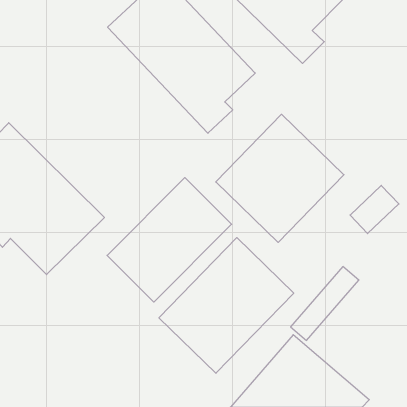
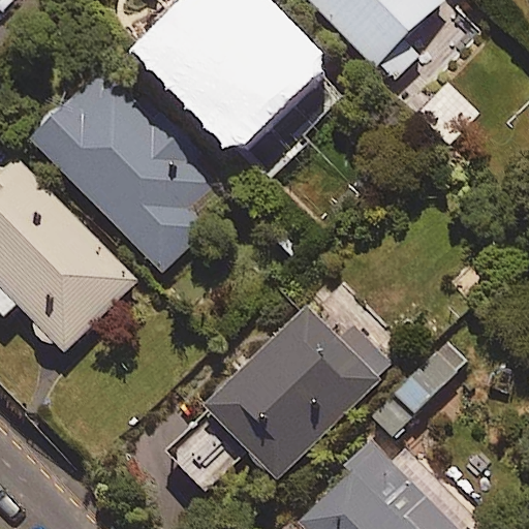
building: none -> [31,70,214,272]
building: [216,114,344,242] -> none
building: [107,178,232,302] -> none

